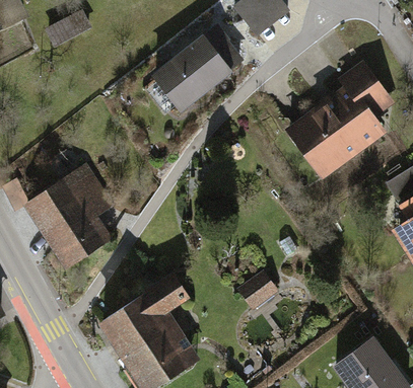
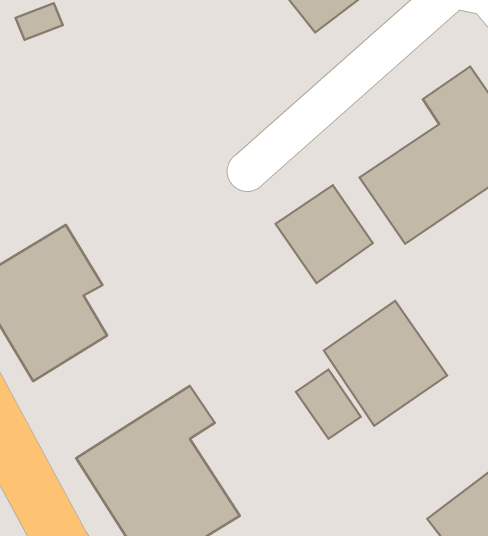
building: [152,24,245,110] -> none
building: none -> [275,185,373,283]
building: none -> [324,301,447,426]

